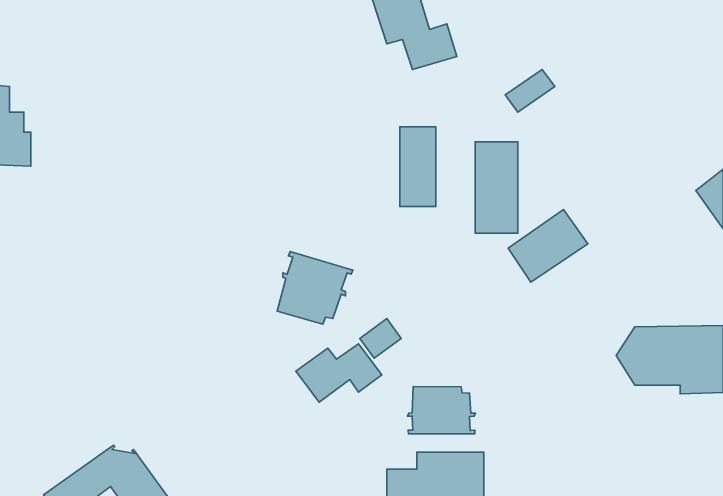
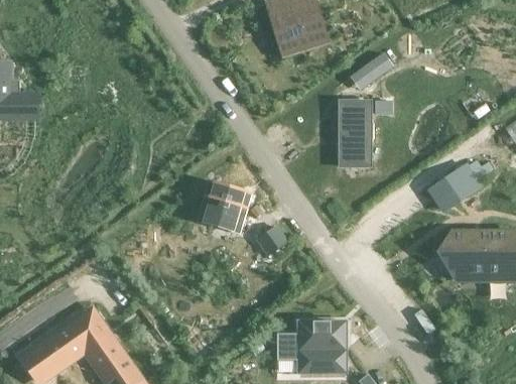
building: [400,127,436,207] -> none
building: [508,210,588,282] -> [426,163,483,215]
building: [296,344,382,402] -> none
building: [408,386,475,434] -> none

